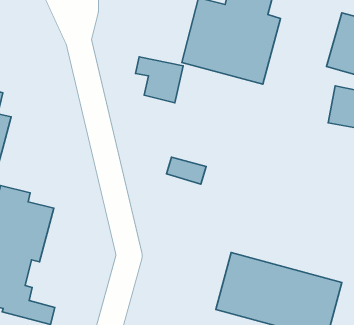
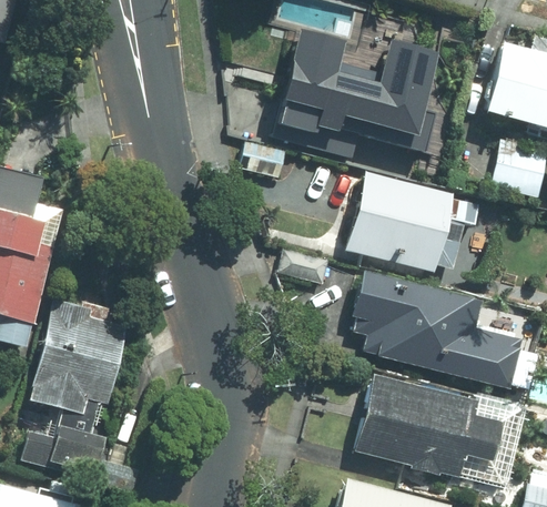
building: none -> [343,170,480,273]
building: none -> [346,272,510,385]

